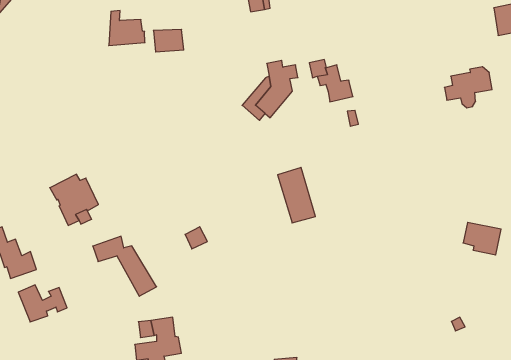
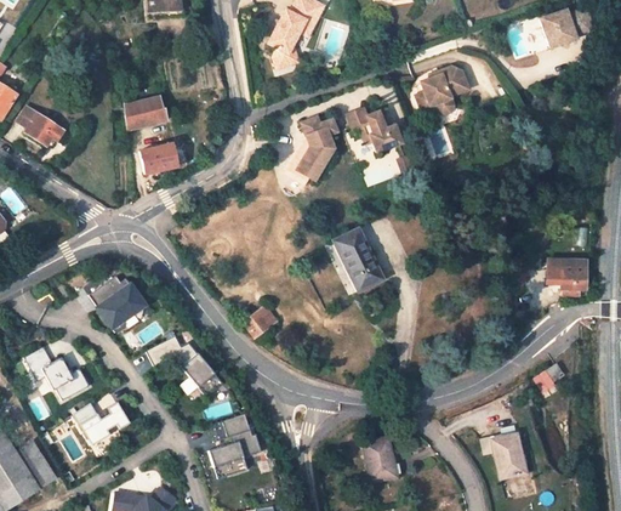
building: none -> [17,106,63,146]
building: [153,29,184,52] -> [139,143,176,172]
building: [444,67,492,108] -> [414,67,466,114]

